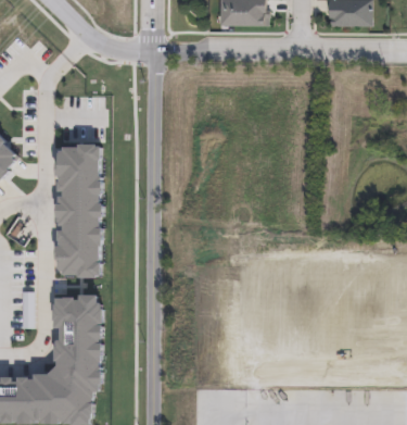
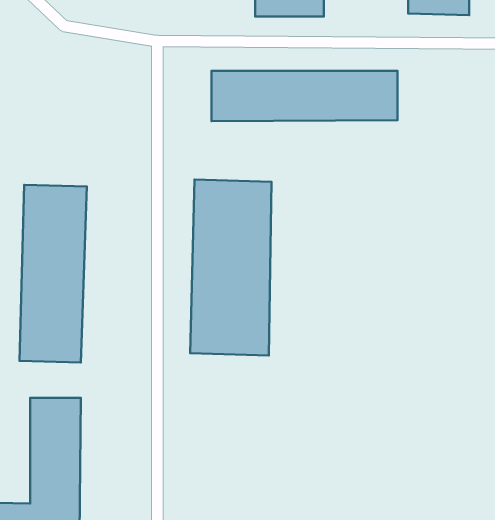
building: none -> [212,71,398,121]
building: none -> [190,180,271,355]

